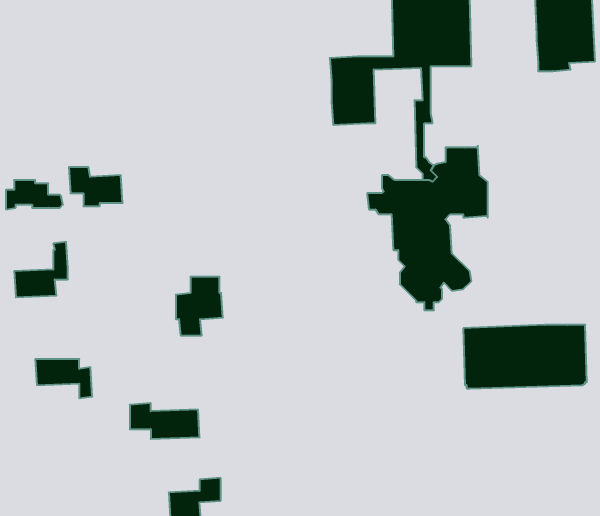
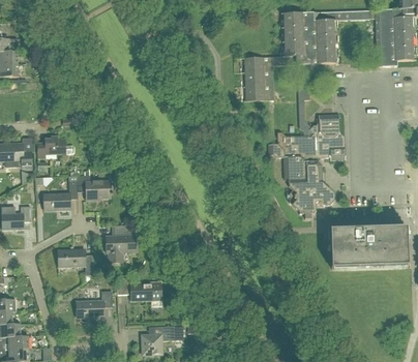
building: [69,167,123,206] -> [77,175,111,200]
building: [176,277,223,335] -> [106,224,136,262]
building: none -> [76,290,113,318]

